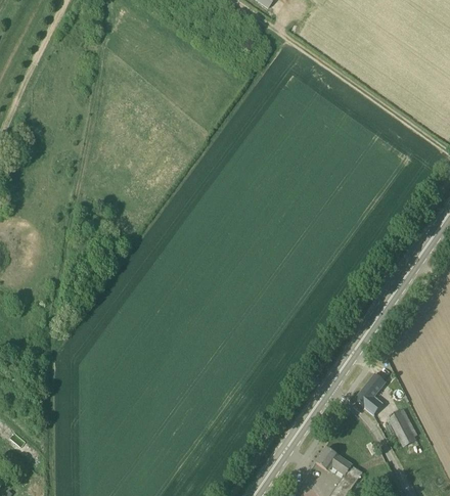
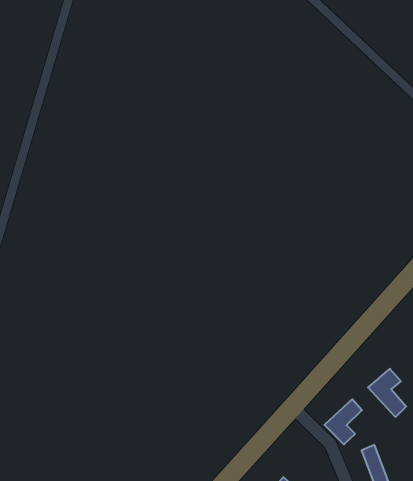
building: none -> [368,369,406,417]

